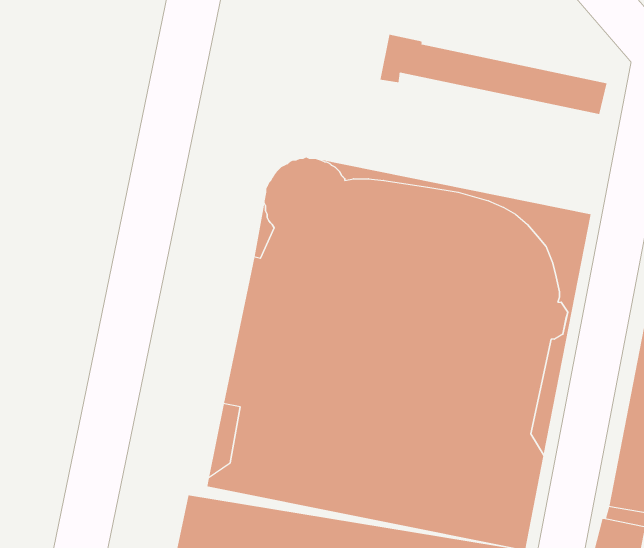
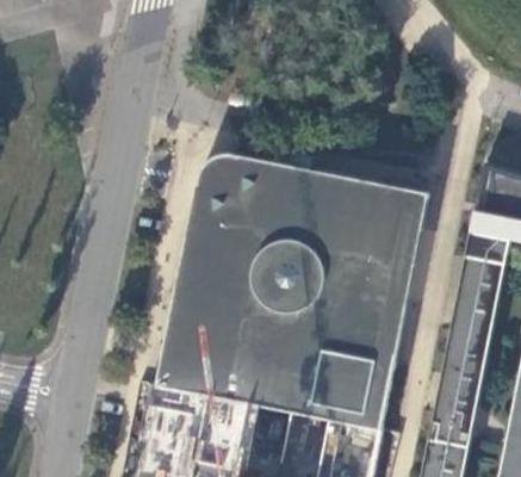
building: [380,34,607,115] -> none

